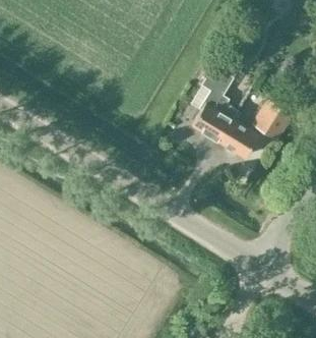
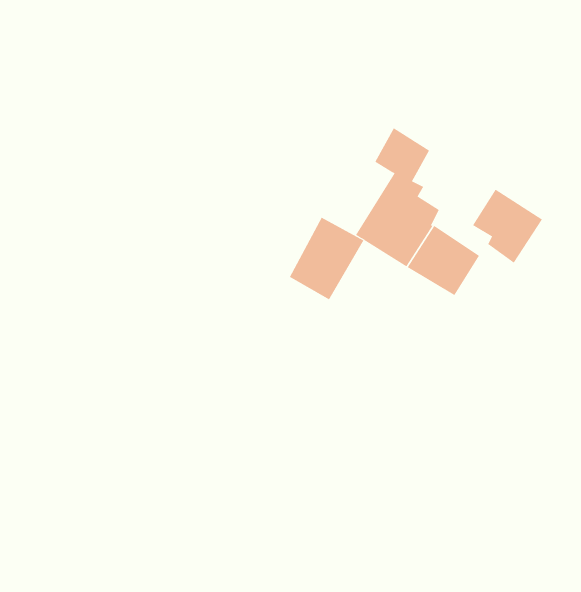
building: none -> [289,217,364,300]

